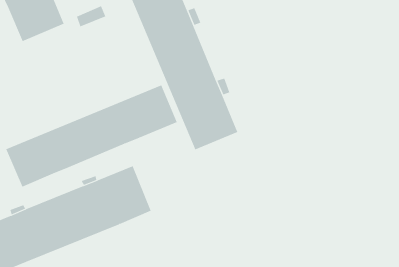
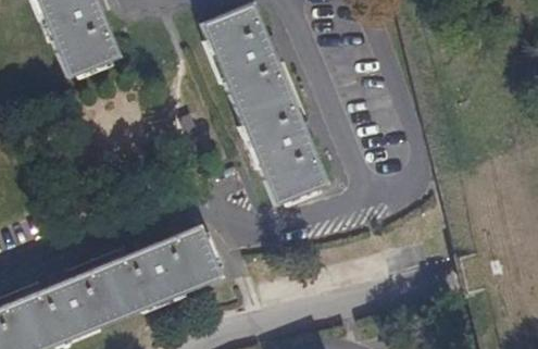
building: [6,84,177,187] -> none

